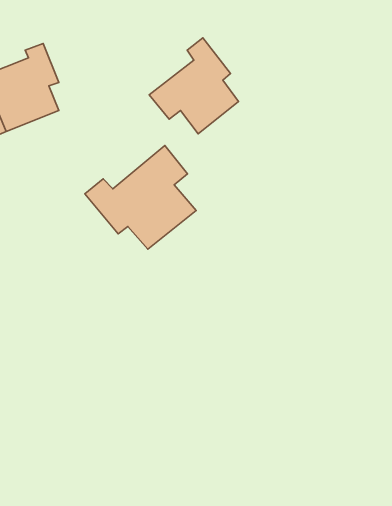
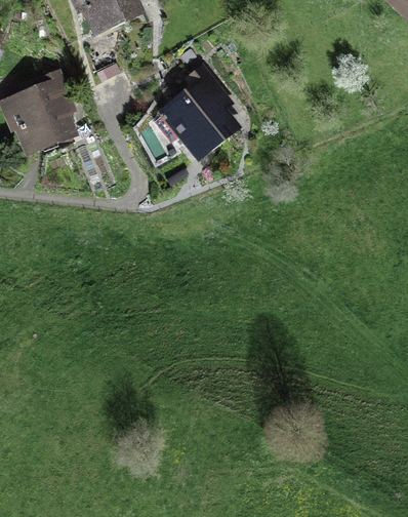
building: [85,145,196,249] -> none

